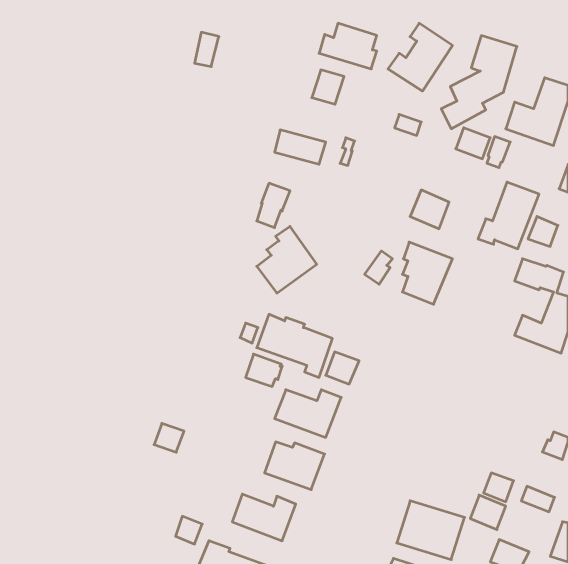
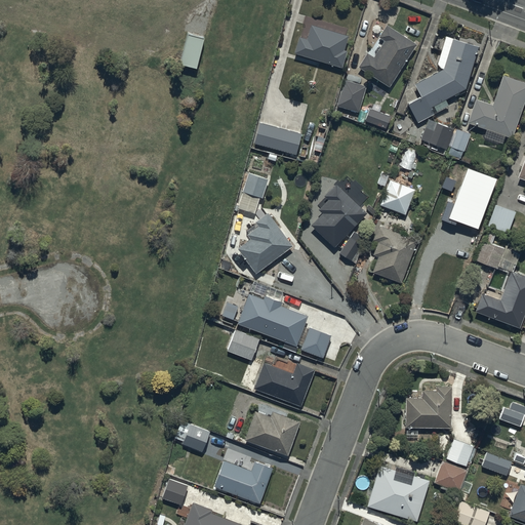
building: [312,70,344,104] -> [336,80,366,112]
building: none -> [311,183,366,247]
building: none -> [406,387,452,428]
building: [154,423,184,452] -> [181,426,209,452]

